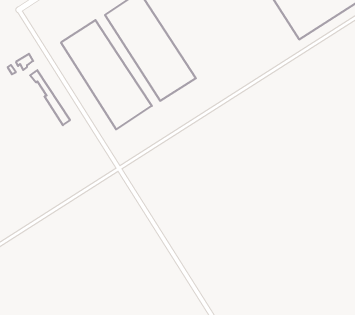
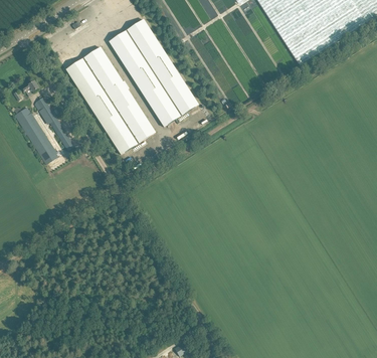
building: none -> [13,106,57,164]

